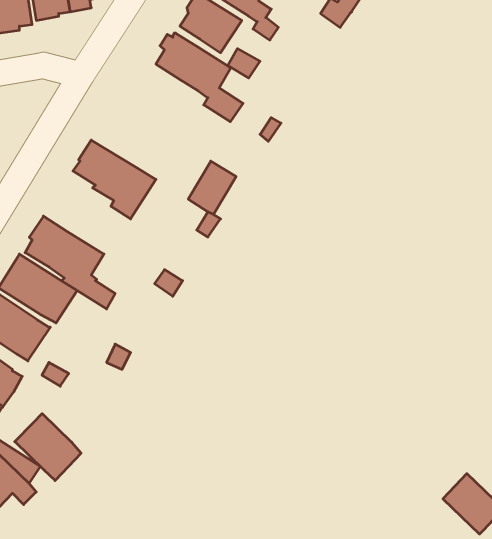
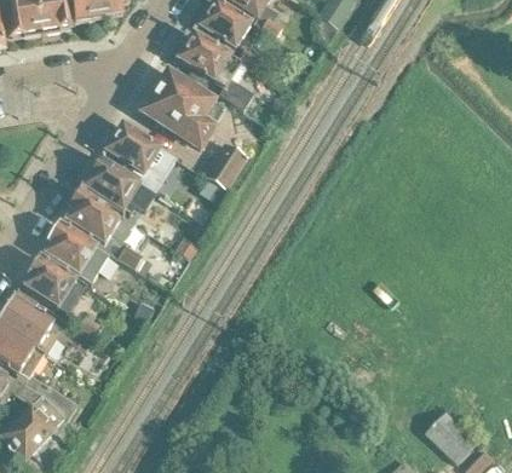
building: none -> [143,71,224,145]
building: none -> [82,155,155,213]
building: [15,414,81,481] -> none

